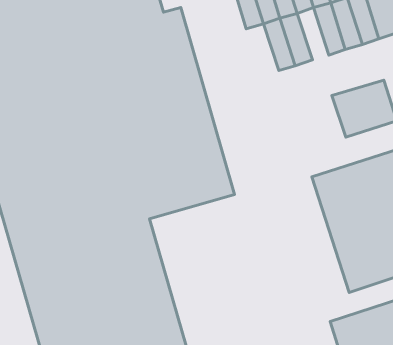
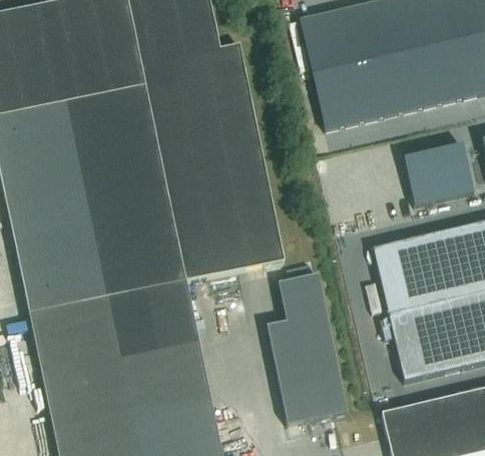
building: none -> [371,55,403,114]
building: none -> [312,69,345,128]
building: none -> [267,274,347,424]

